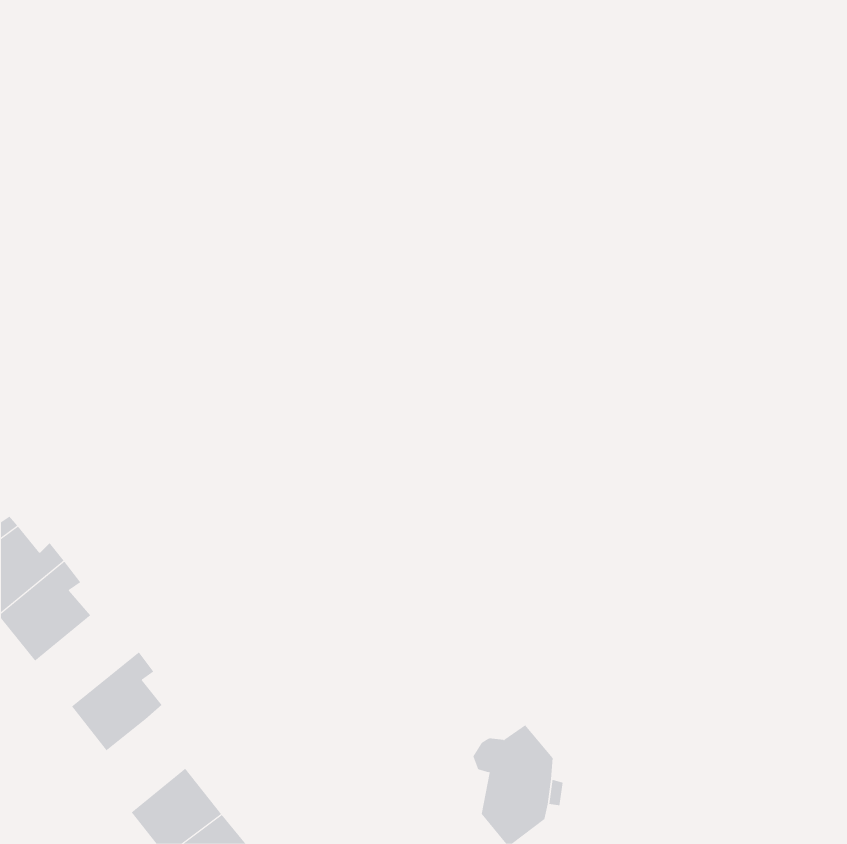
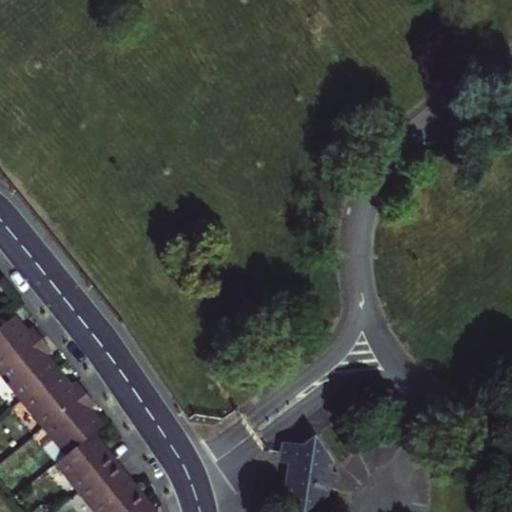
building: none -> [21,371,84,426]
building: none -> [55,434,112,490]

